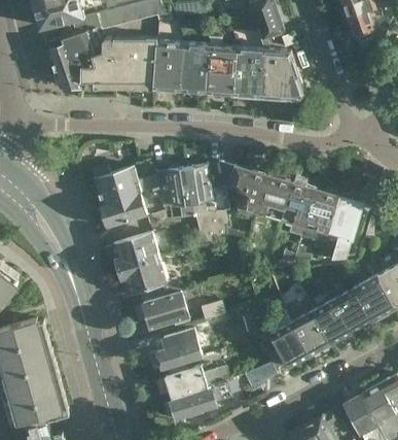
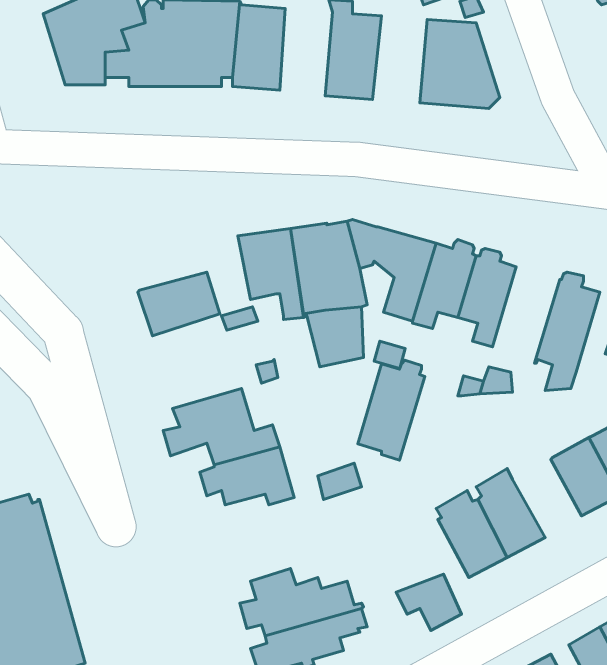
building: [179,44,209,94] -> none
building: [231,48,262,98] -> none
building: [92,167,157,204] -> none
building: [299,189,337,245] -> [358,360,425,460]
building: [103,235,157,271] -> none
building: [307,298,350,344] -> none
building: [147,328,200,369] -> none

